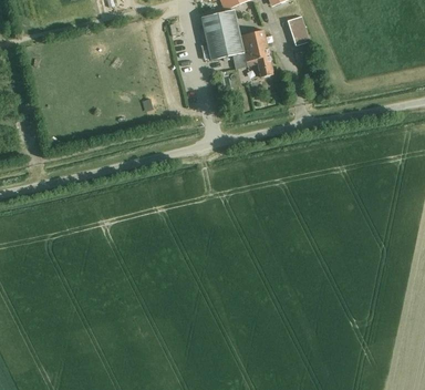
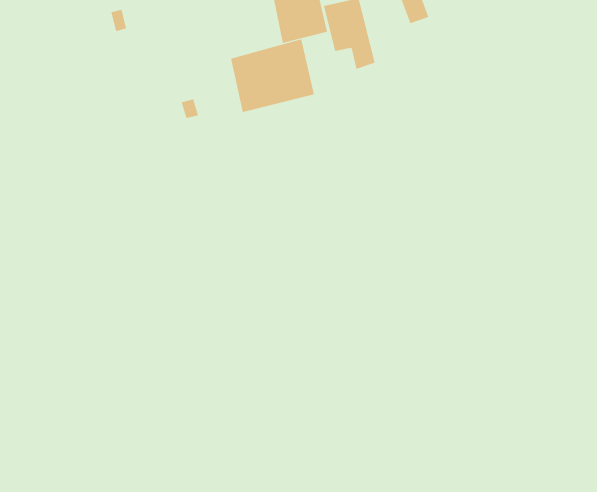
building: none -> [230,39,314,113]

